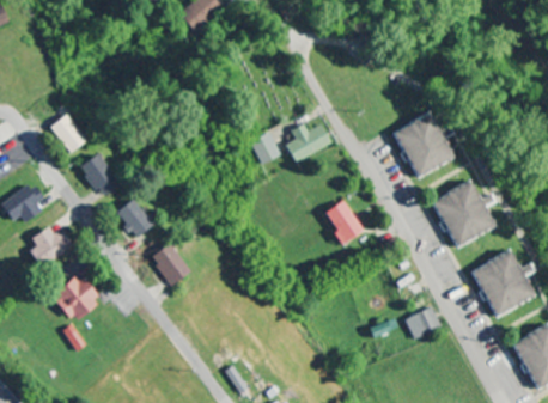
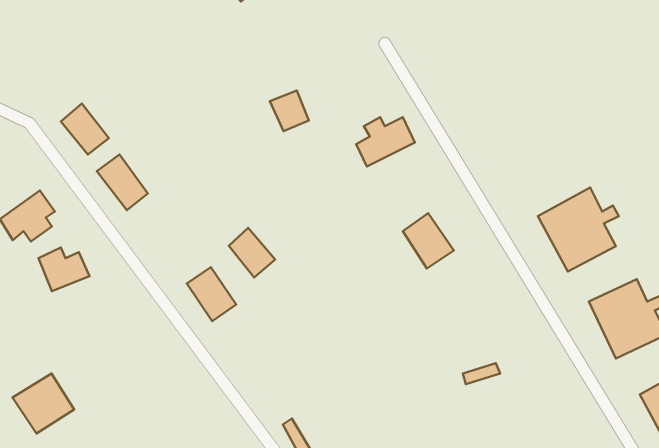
building: [394,115,449,177] -> none
building: [250,132,281,164] -> [270,91,309,131]
building: [116,199,153,238] -> [229,228,275,277]
building: [50,274,99,322] -> [13,374,74,434]
building: [407,306,444,340] -> none

